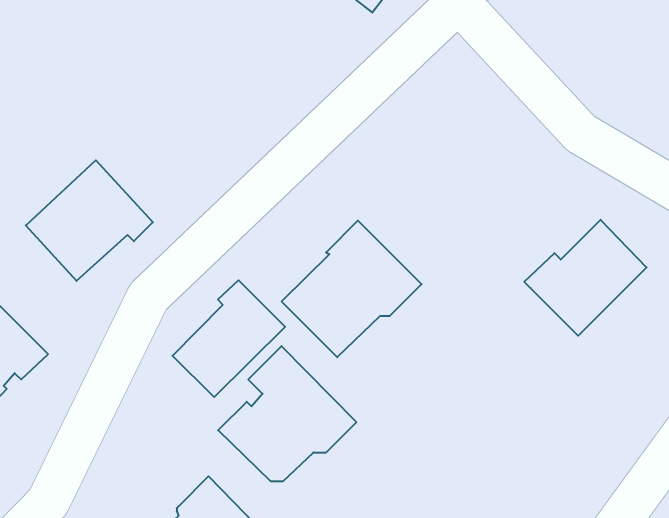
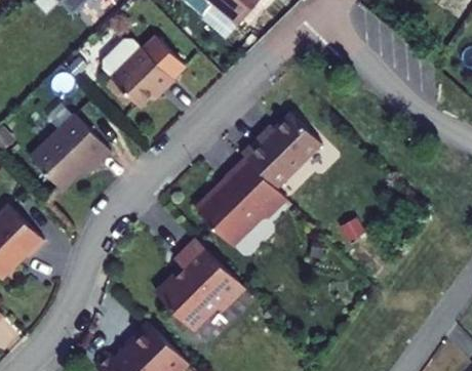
building: none -> [106,35,175,101]
building: [524,220,647,336] -> [242,113,321,188]
building: [172,280,285,397] -> none

